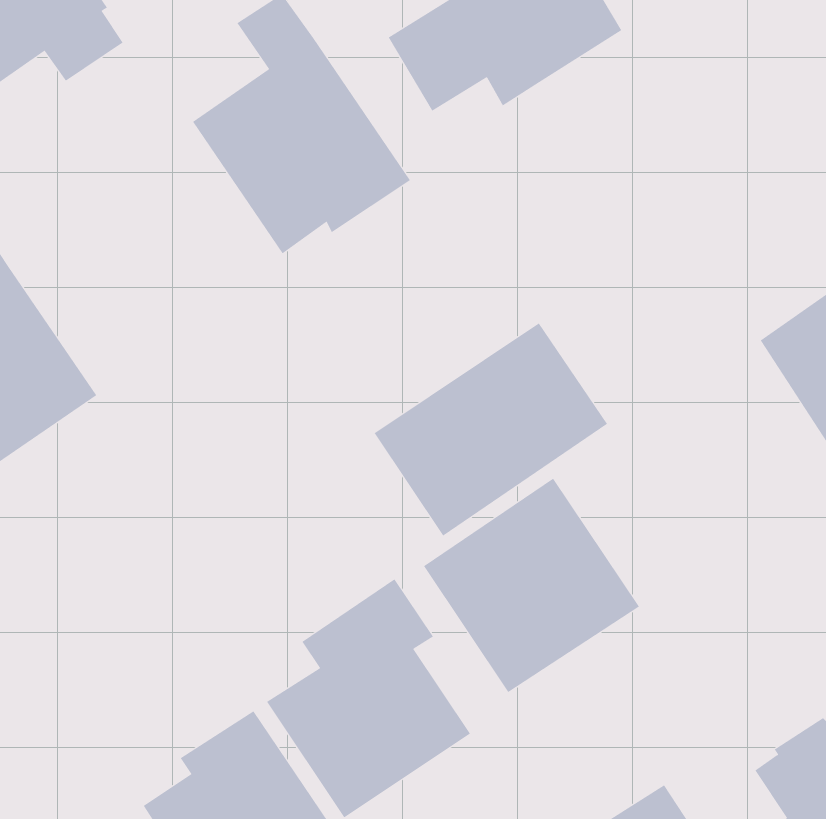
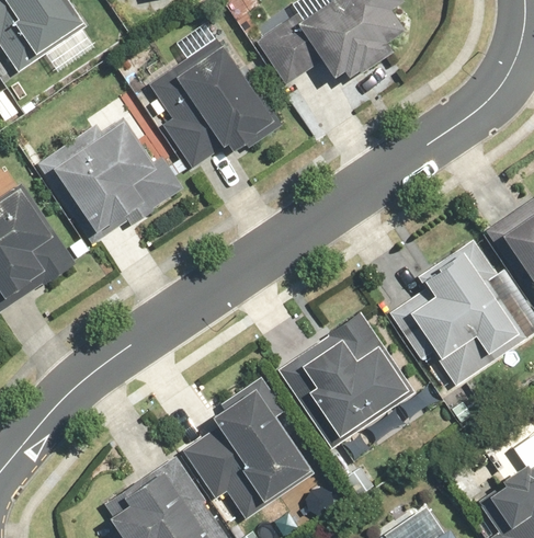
building: none -> [42,108,180,244]
building: [374,322,608,536] -> none
building: none -> [407,244,526,386]

